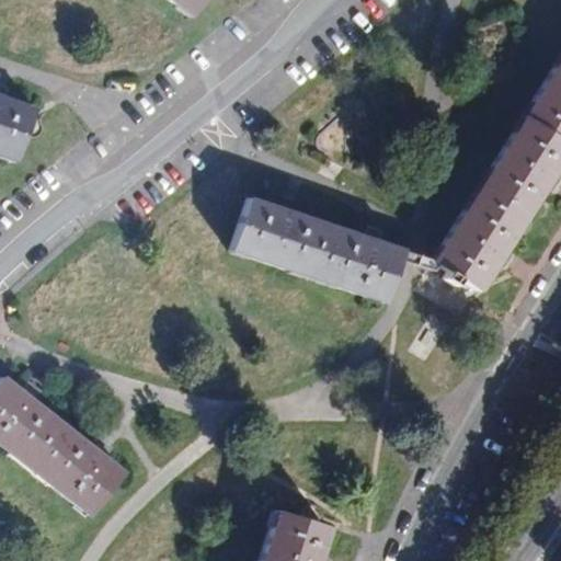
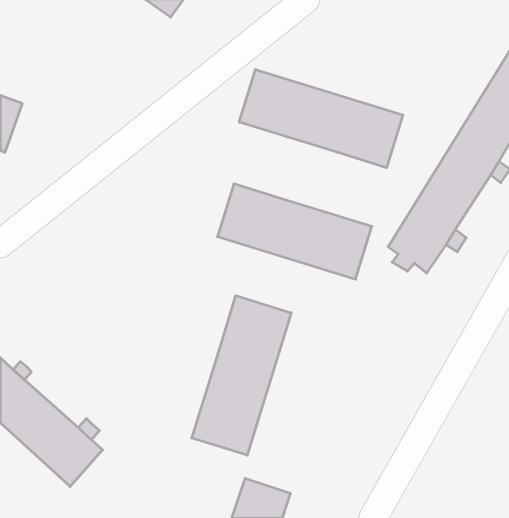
building: none -> [239,69,403,168]
building: none -> [192,296,291,455]

